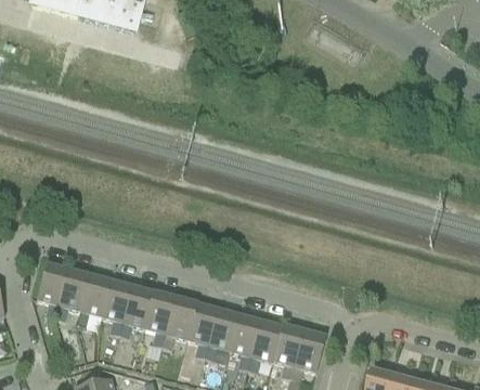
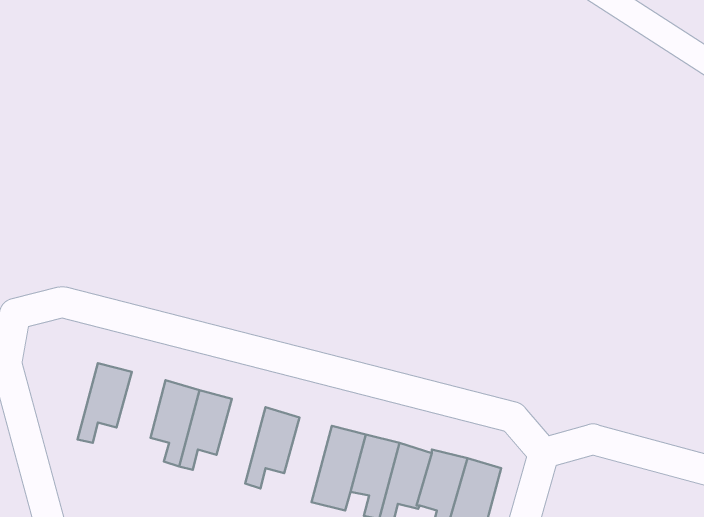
building: [36,261,67,316] -> none
building: [76,273,111,324] -> none
building: [143,290,174,344] -> none
building: [186,302,217,356] -> none

